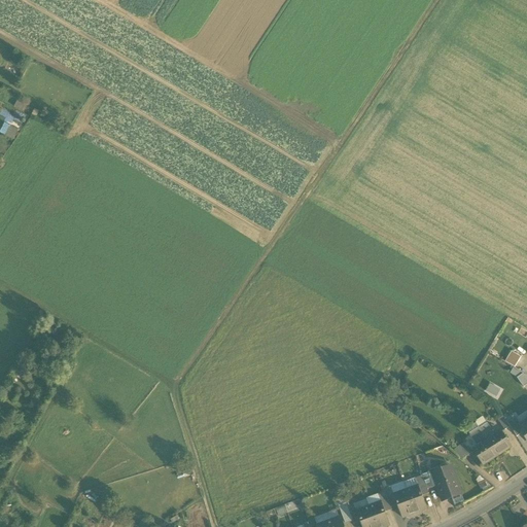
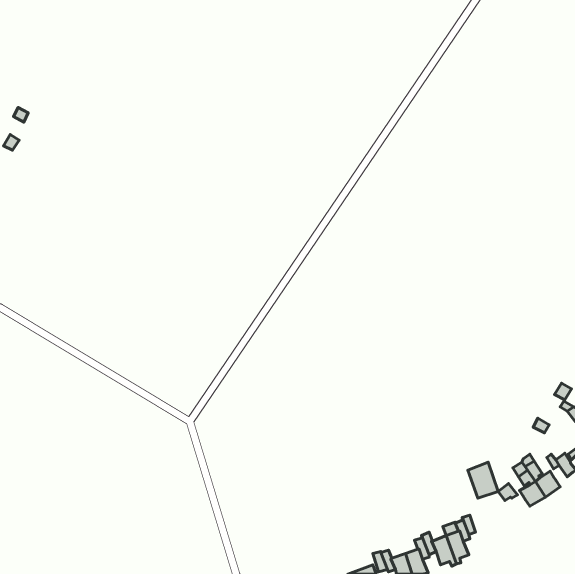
building: [435,465,463,498] -> [468,462,498,498]

